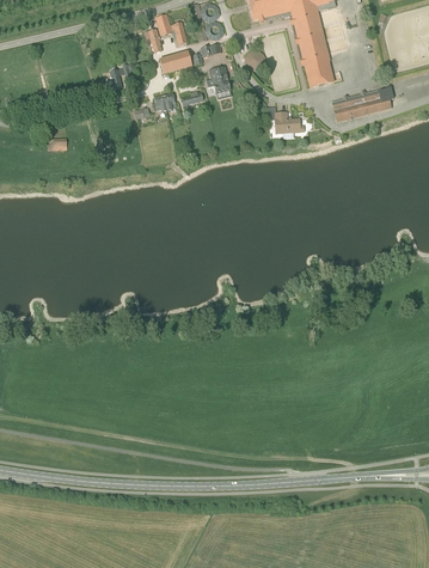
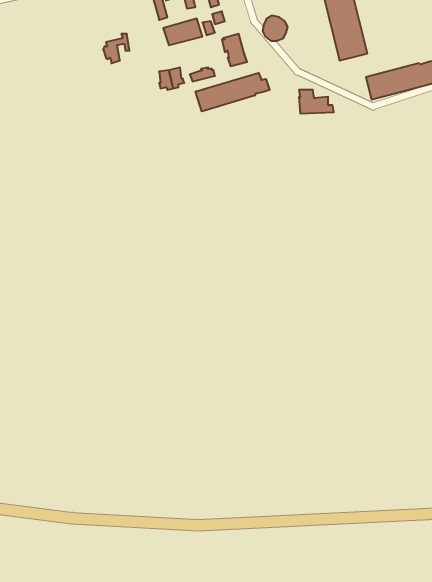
building: none -> [196,73,270,111]

